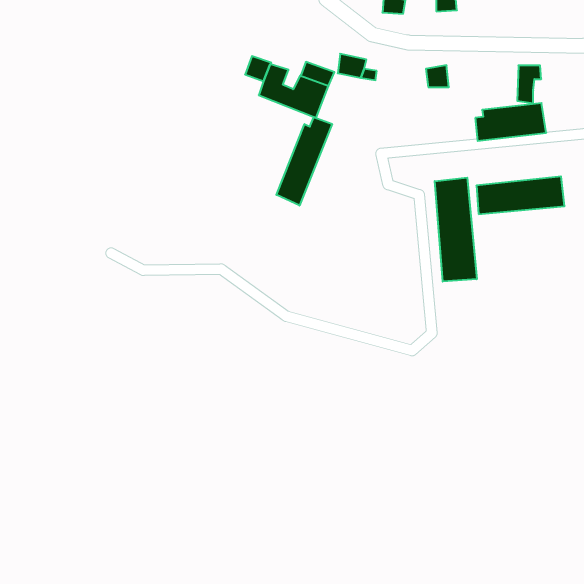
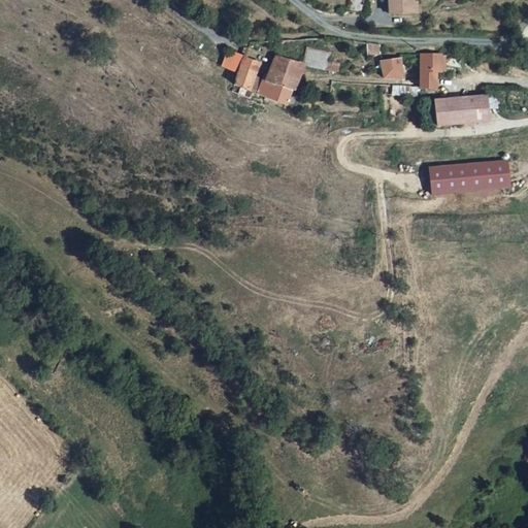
building: [517,65,541,103] -> [423,56,444,90]
building: [276,117,332,206] -> none
building: [435,178,477,282] -> none

